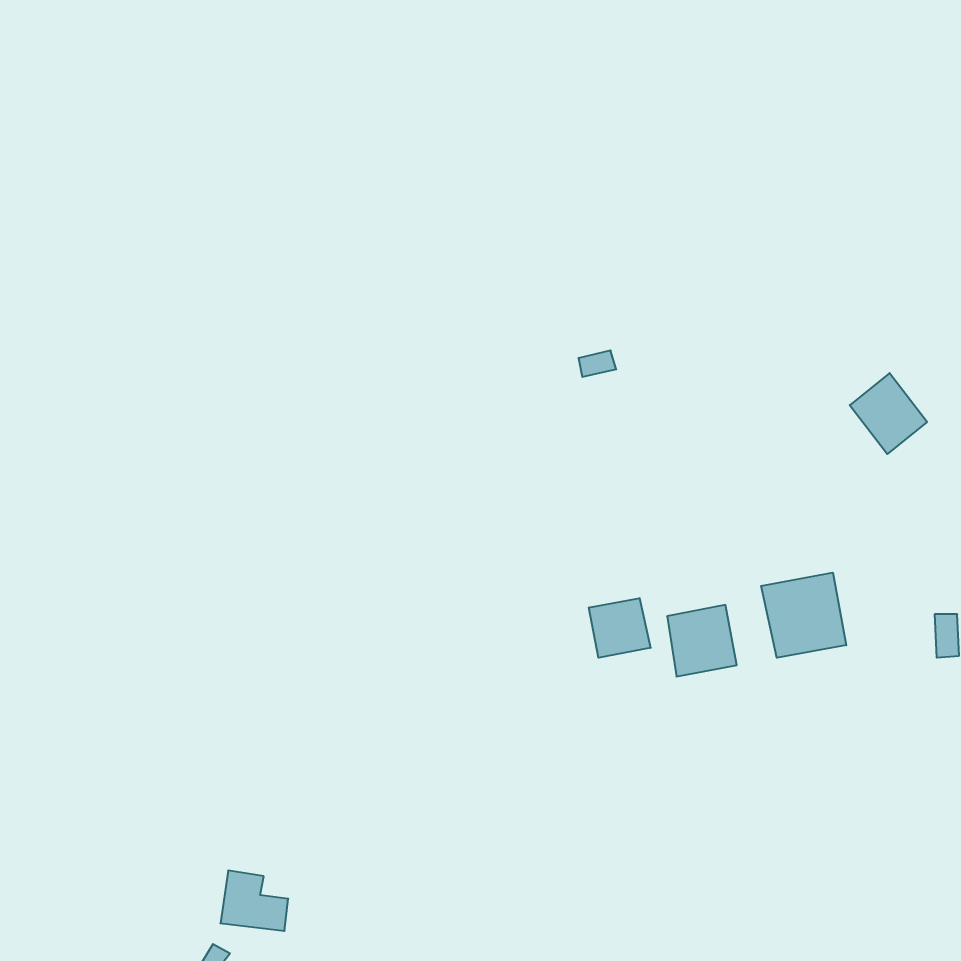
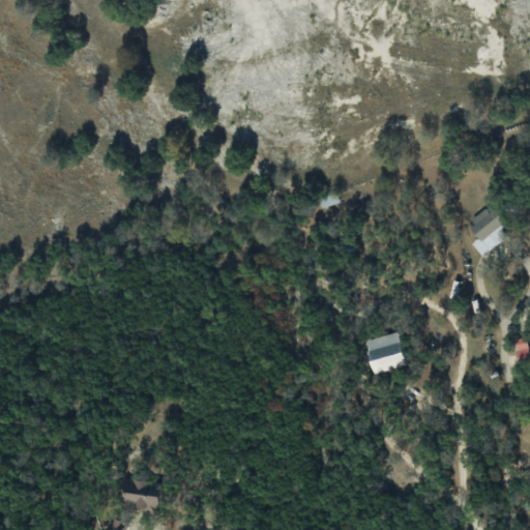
building: [761,573,846,658] -> none
building: [589,598,651,658] -> none

